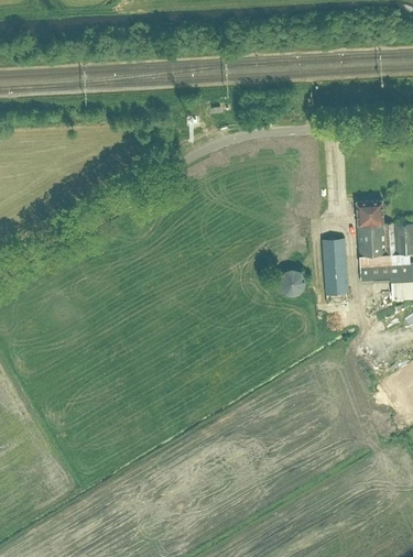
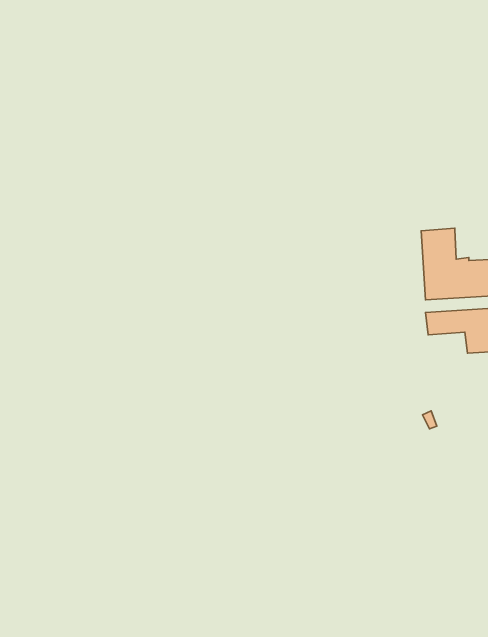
building: [322,239,348,305] -> none
building: [279,270,304,295] -> none

